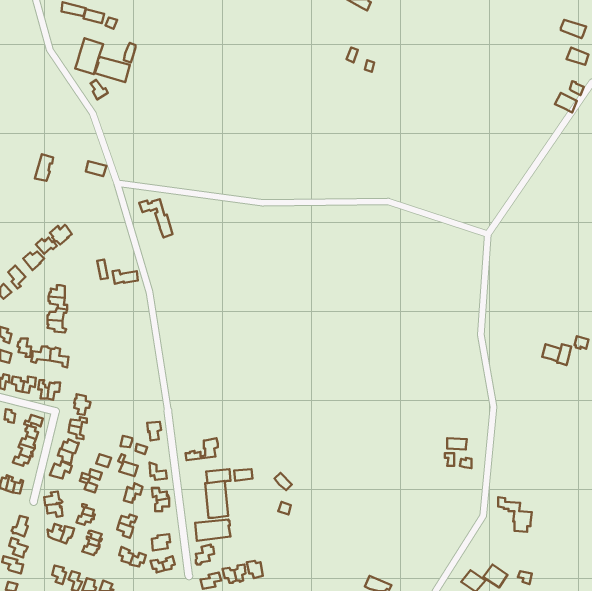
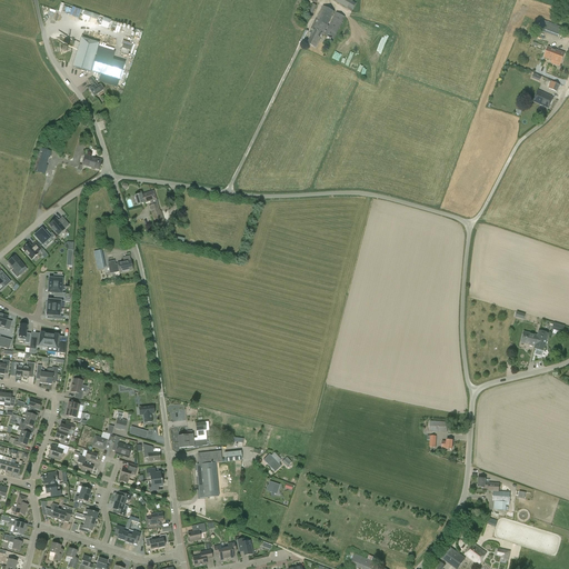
building: none -> [307,6,345,47]
building: [195,519,230,541] -> none

